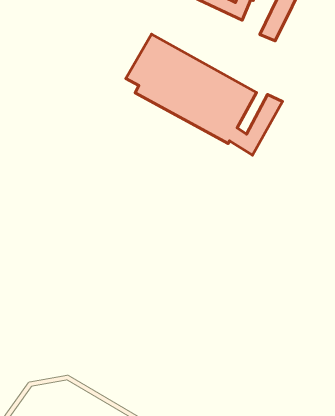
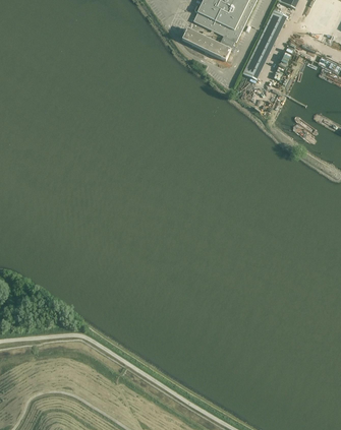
building: [126,34,282,155] -> none

